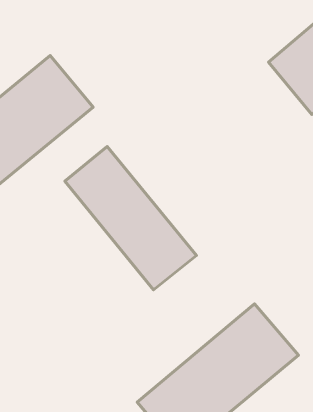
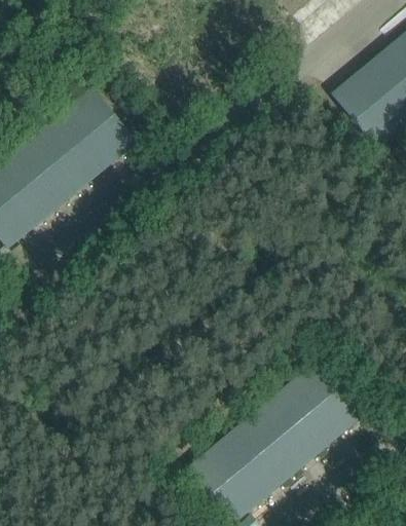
building: [65,146,197,290] -> none

